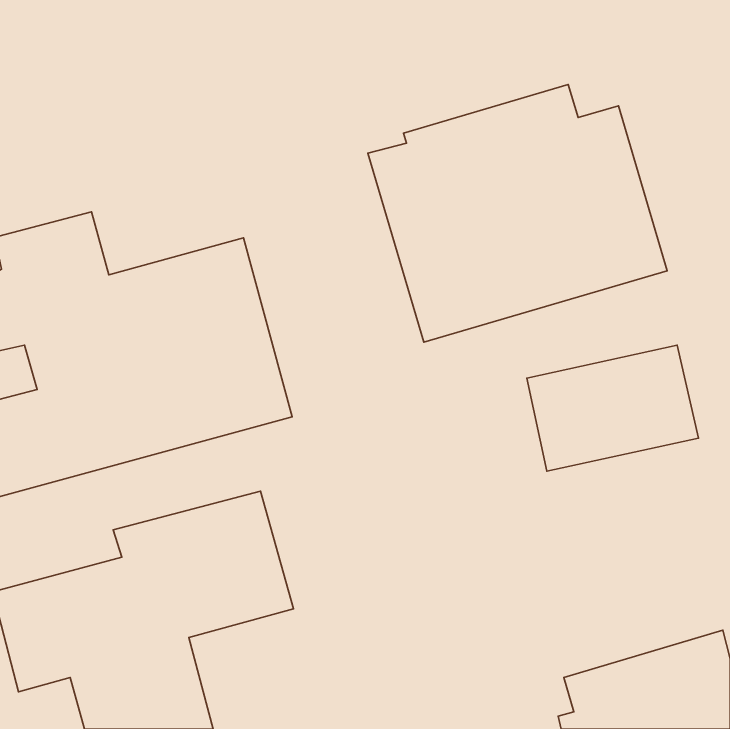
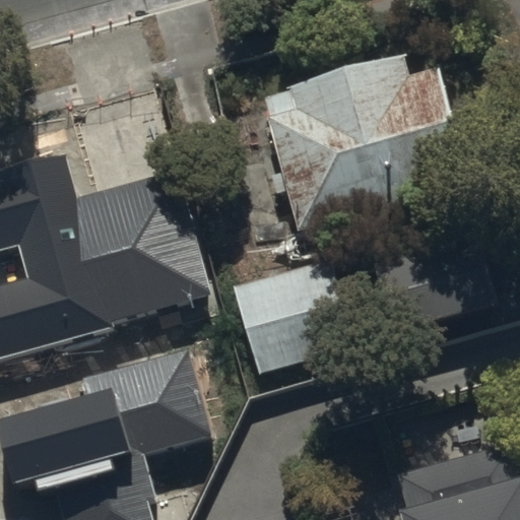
building: none -> [232,261,360,378]

